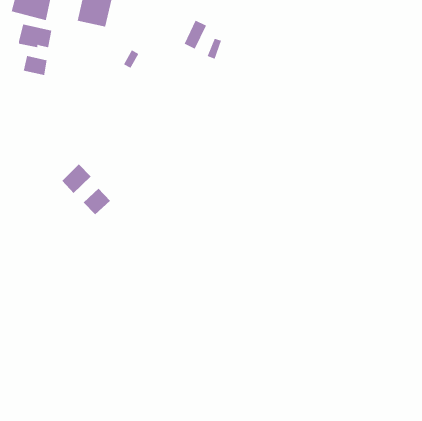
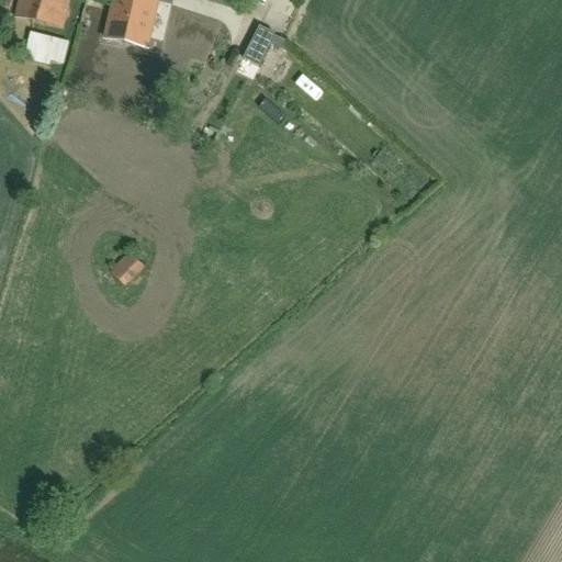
building: [23,55,47,76] -> none
building: [62,163,92,194] -> none

